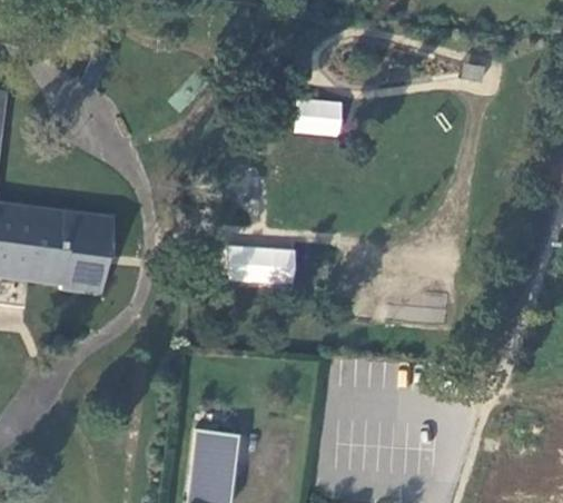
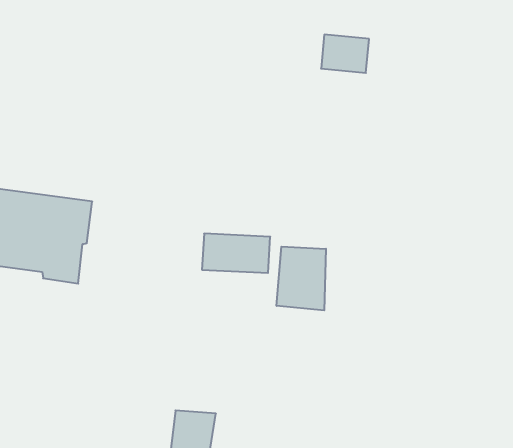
building: [294,98,344,138] -> [321,35,369,73]
building: none -> [277,247,326,310]

